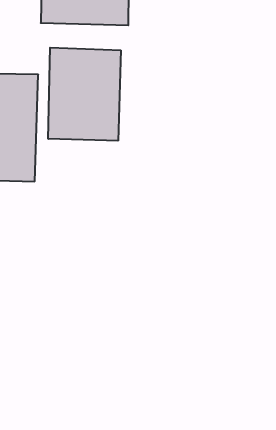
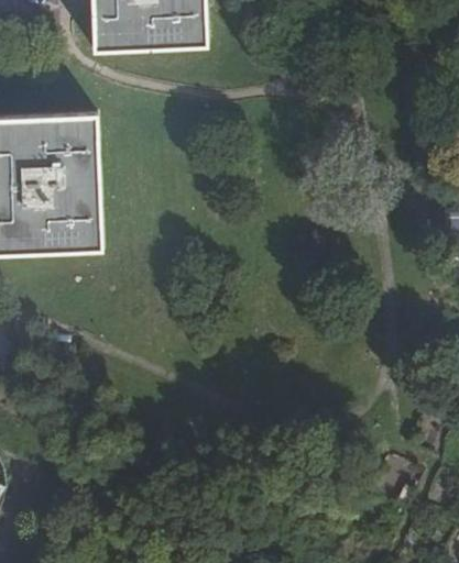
building: [48,48,121,141] -> none

